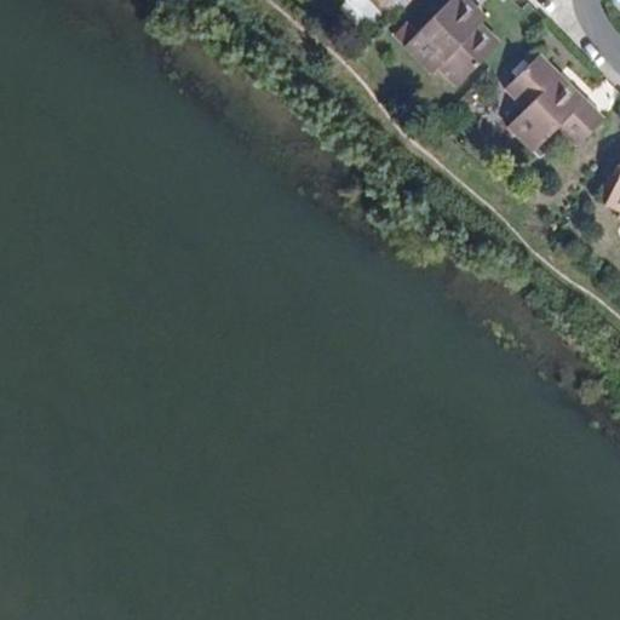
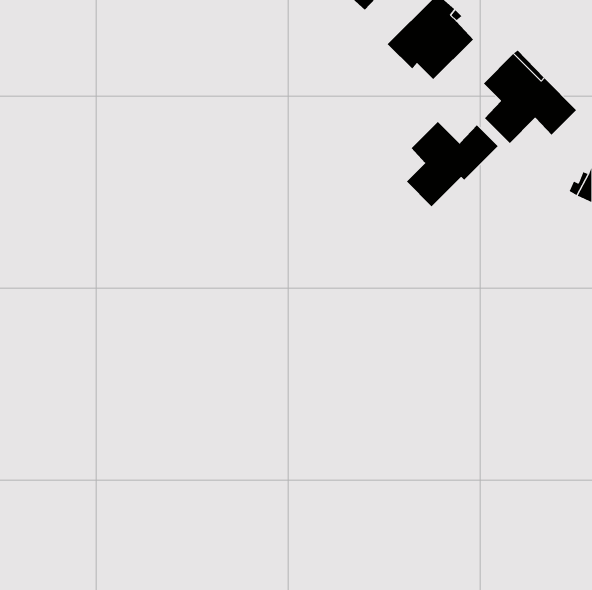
building: none -> [406,121,498,207]

